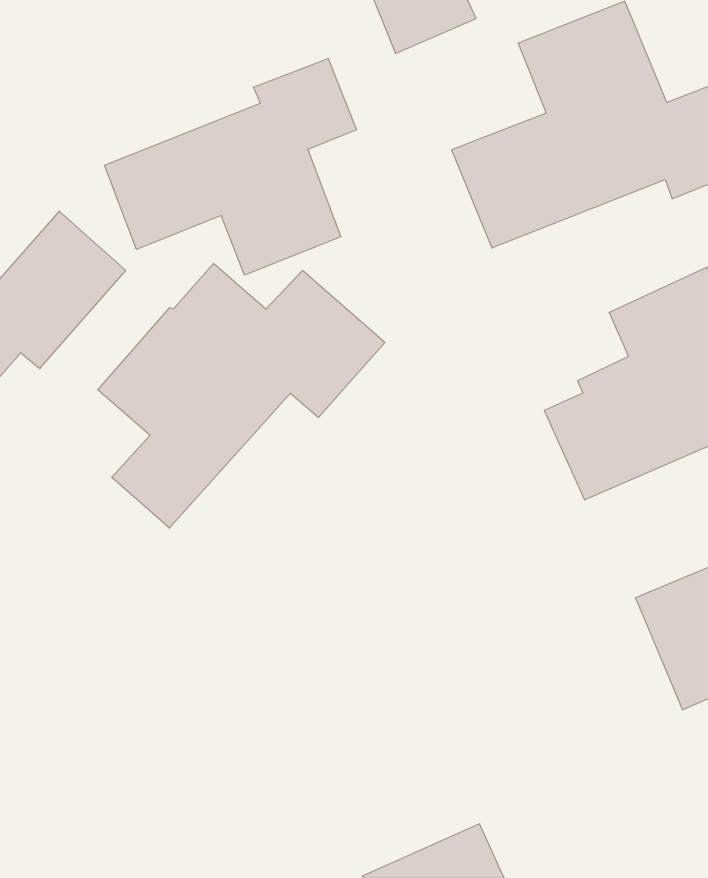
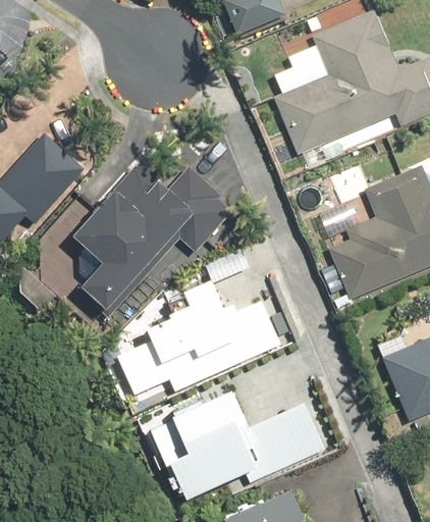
building: [104,58,356,275] -> none
building: none -> [113,278,281,396]
building: none -> [144,390,325,501]

